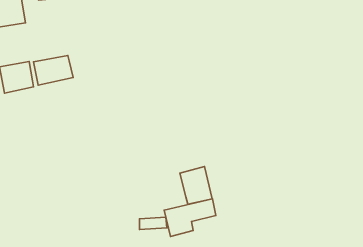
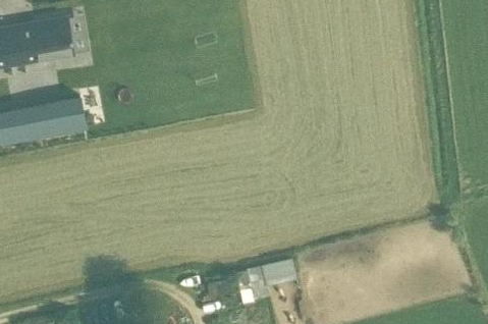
building: [33,55,73,85] -> none
building: [180,167,212,204] -> none

